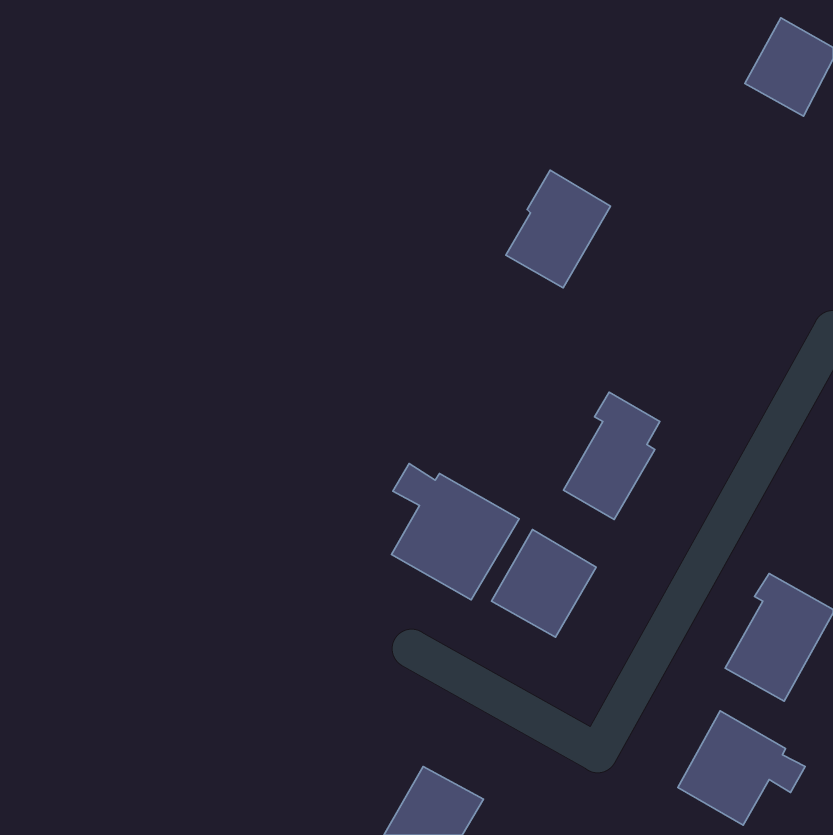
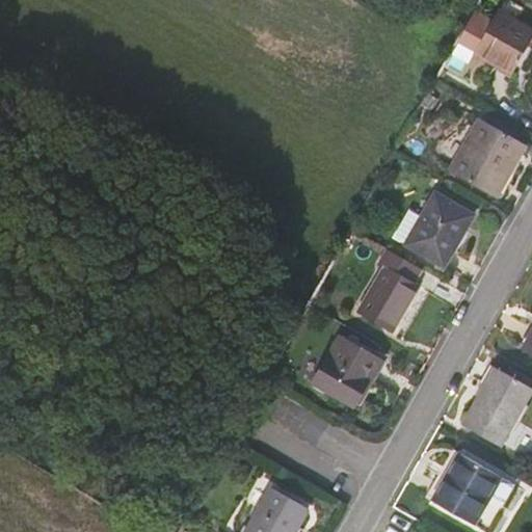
building: [506,170,610,288] -> [406,192,473,267]
building: none -> [449,118,525,196]
building: [392,463,519,600] -> none

